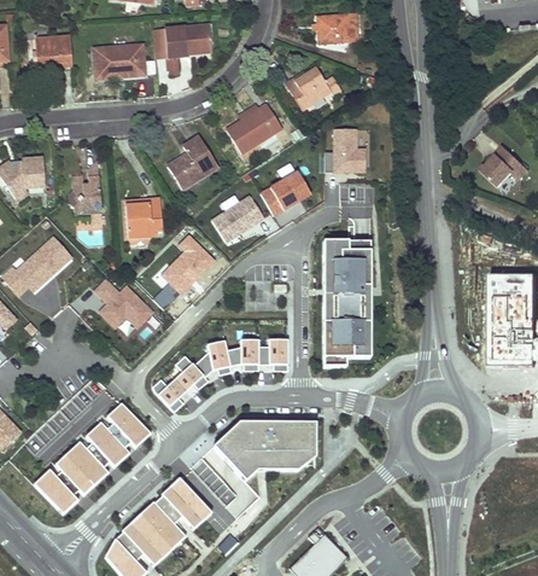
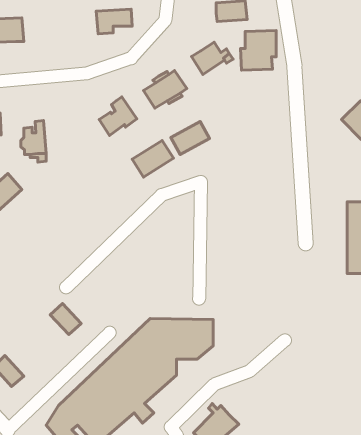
building: [95,45,144,77] -> none
building: [324,127,370,178] -> [240,31,276,70]
building: [125,200,162,237] -> none
building: [153,234,215,308] -> none
building: [321,240,369,356] -> none
building: [94,278,163,339] -> none
building: [156,339,287,408] -> none
building: [84,421,124,461] -> none
building: [54,441,103,489] -> none

